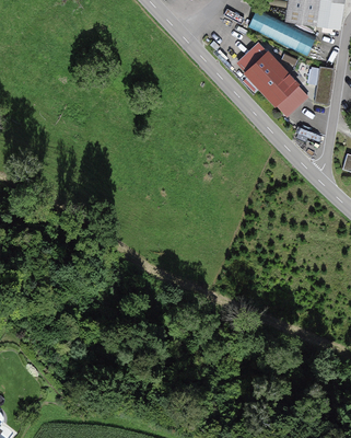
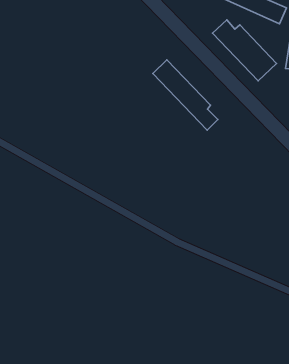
building: none -> [153,60,218,130]

